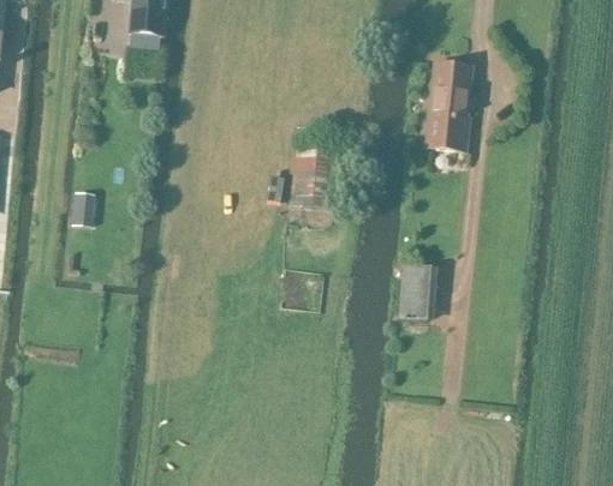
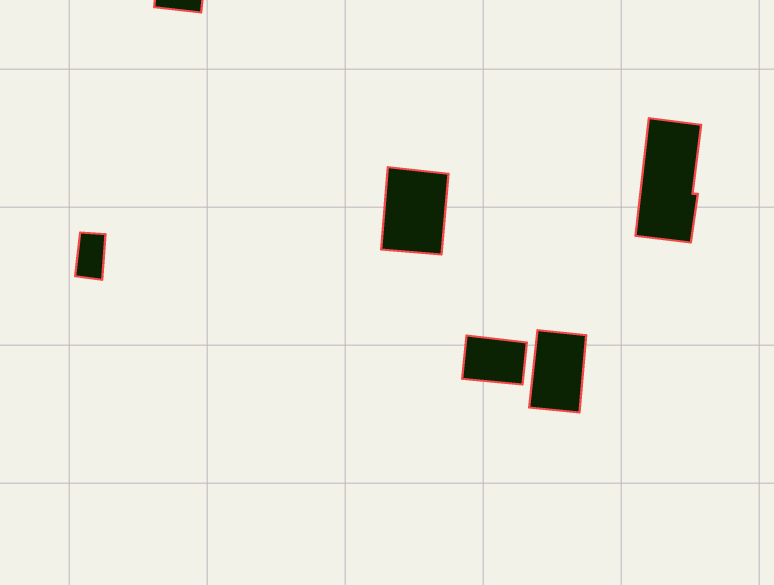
building: [425,61,472,150] -> [635,118,701,243]
building: none -> [462,335,527,384]

